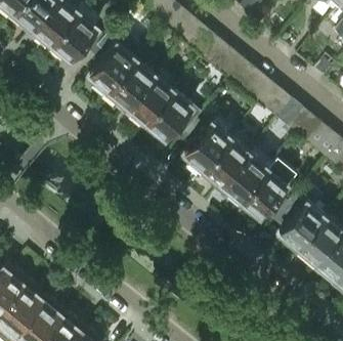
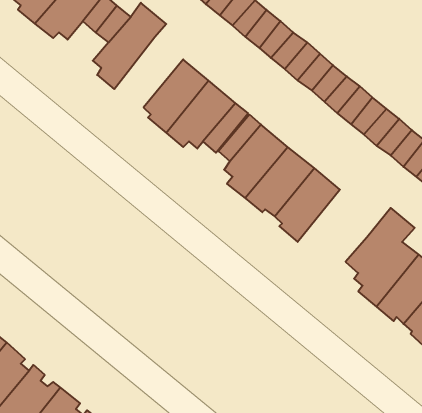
building: [108,58,158,110] -> none
building: [241,159,299,221] -> none

